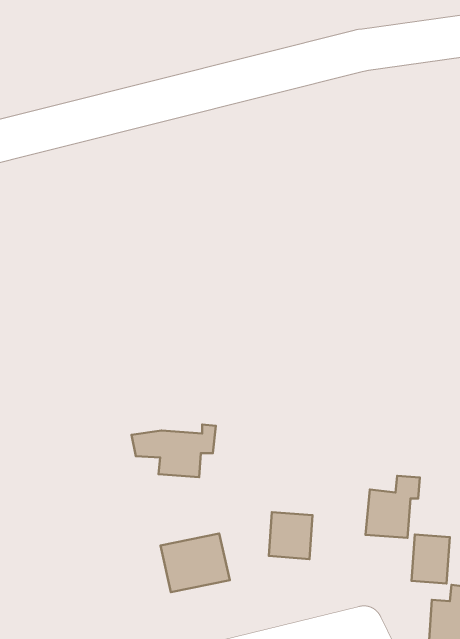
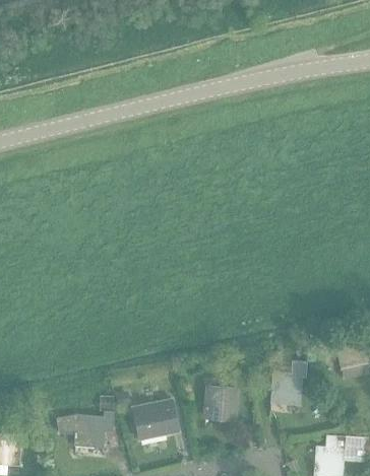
building: [131,424,216,477] -> [57,411,114,447]
building: [412,535,450,584] -> none

